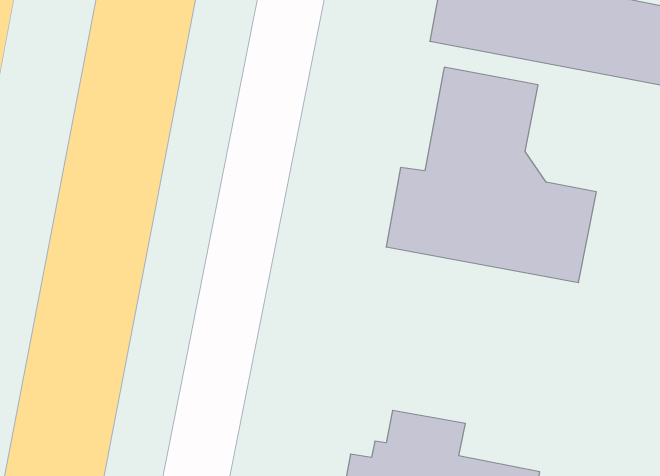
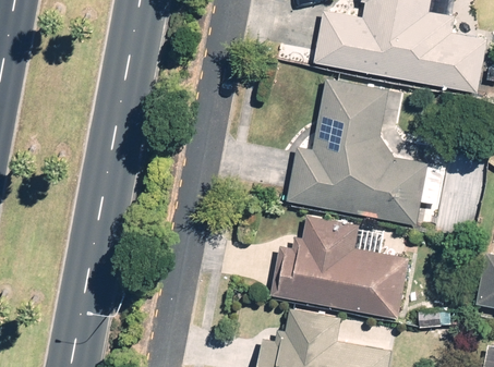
building: none -> [270,217,408,318]

